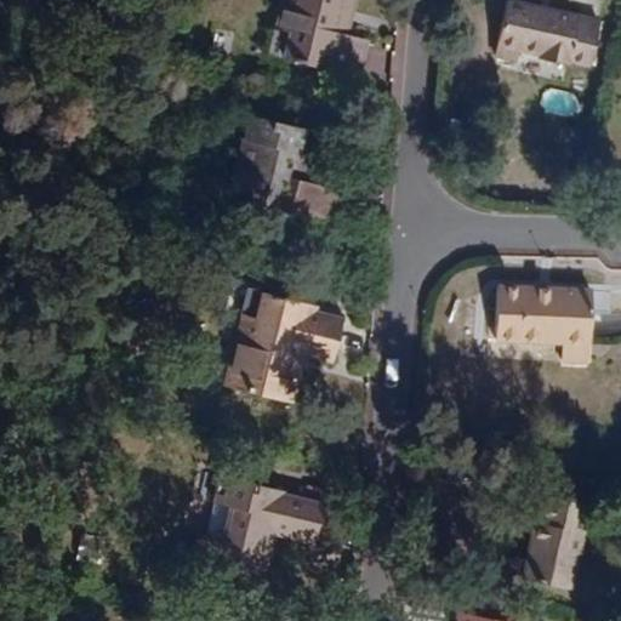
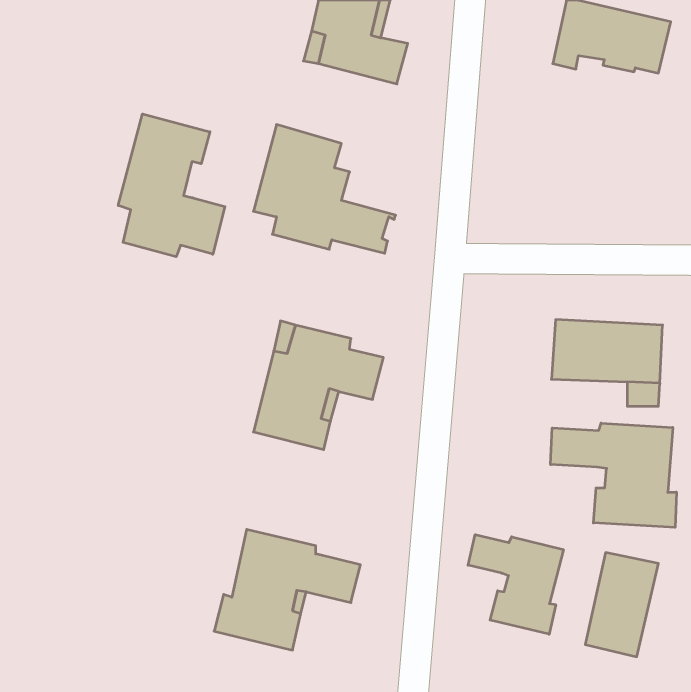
building: none -> [118,114,225,257]
building: none -> [551,423,676,527]
building: none -> [468,535,563,634]

